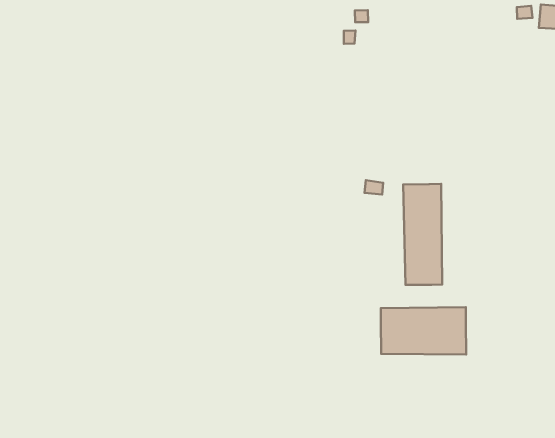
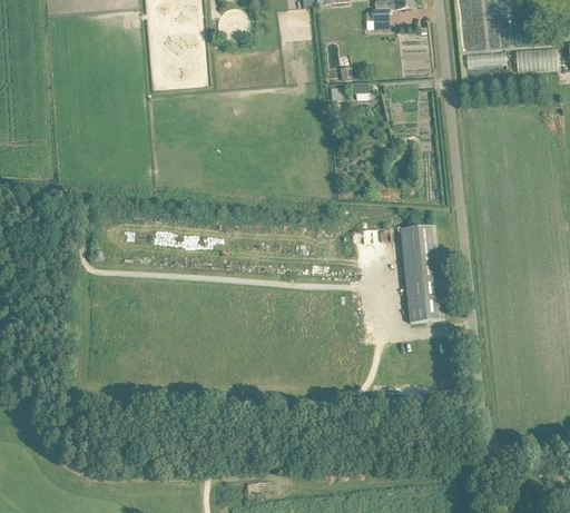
building: [381,307,466,354] -> none

